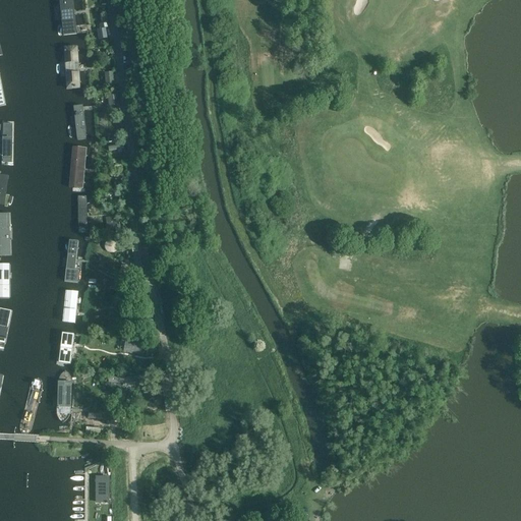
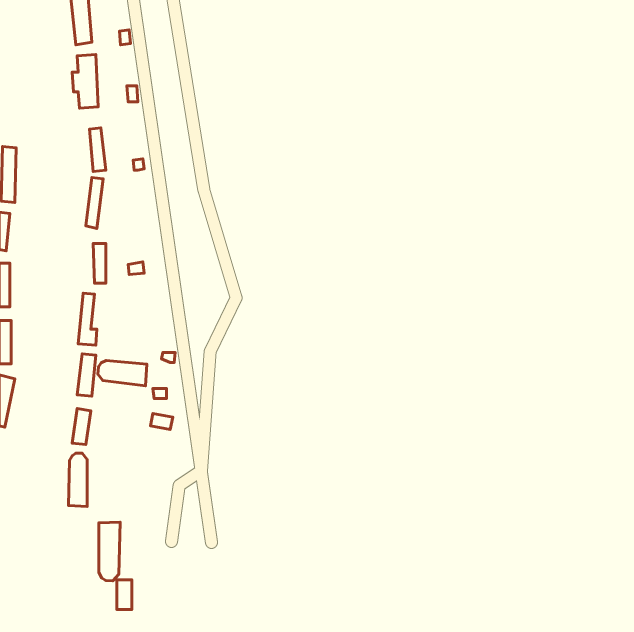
building: none -> [98,360,147,386]
building: none -> [99,522,120,581]

